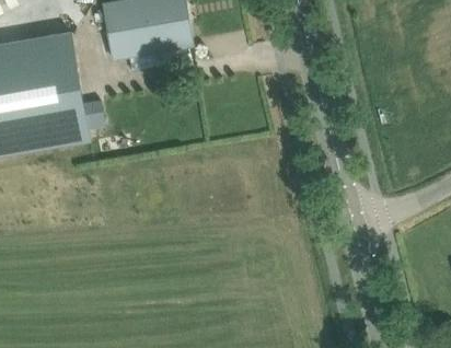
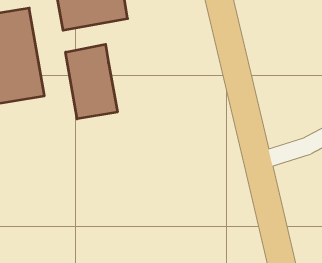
building: none -> [66,44,117,119]

